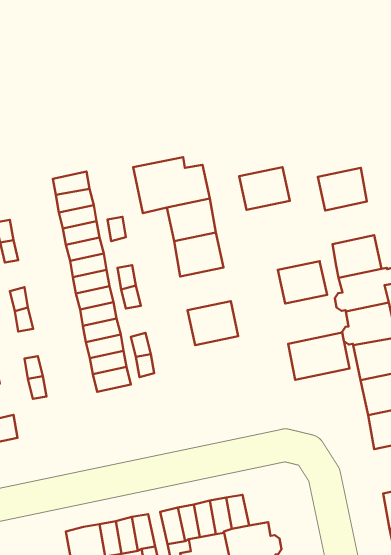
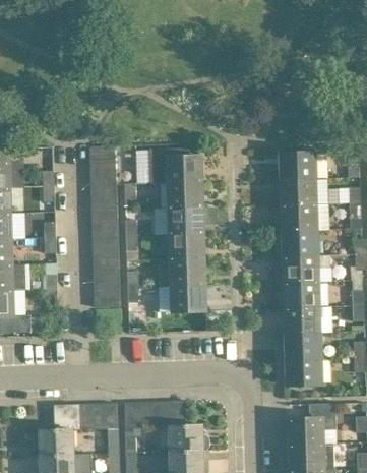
building: [239,167,290,210] -> [282,154,315,180]
building: [278,261,327,303] -> [284,204,316,231]
building: none -> [170,234,203,260]
building: [288,333,349,380] -> none
building: none -> [172,286,205,312]

